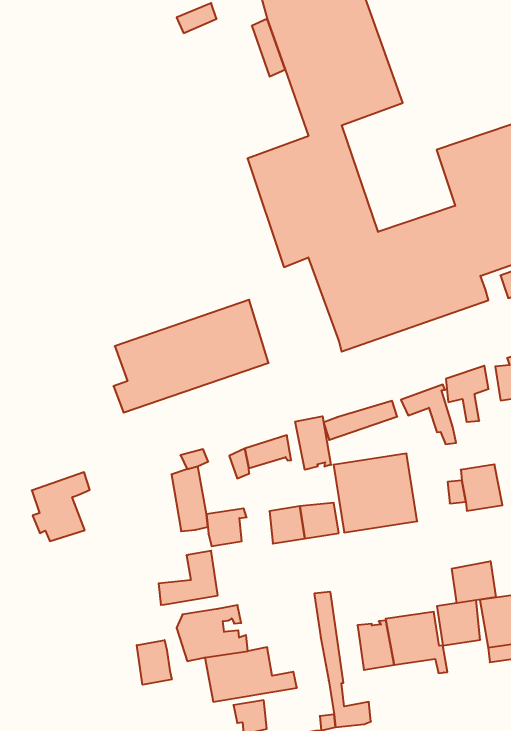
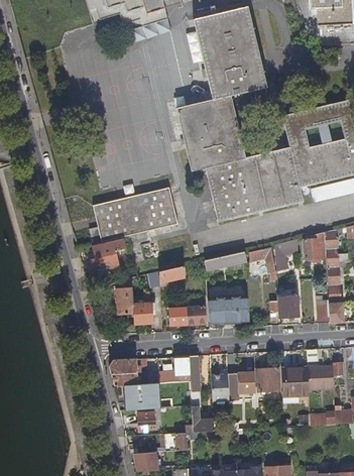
building: [295,416,331,470] -> none
building: [32,472,90,541] -> [91,237,124,273]
building: [159,551,218,605] -> [157,355,190,382]
building: [452,561,496,603] -> none
building: [137,640,172,685] -> none

